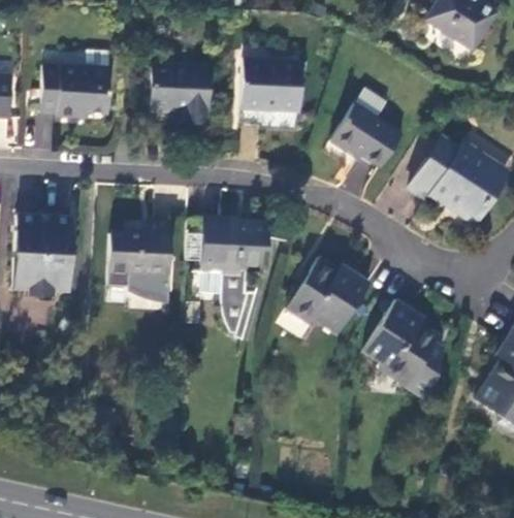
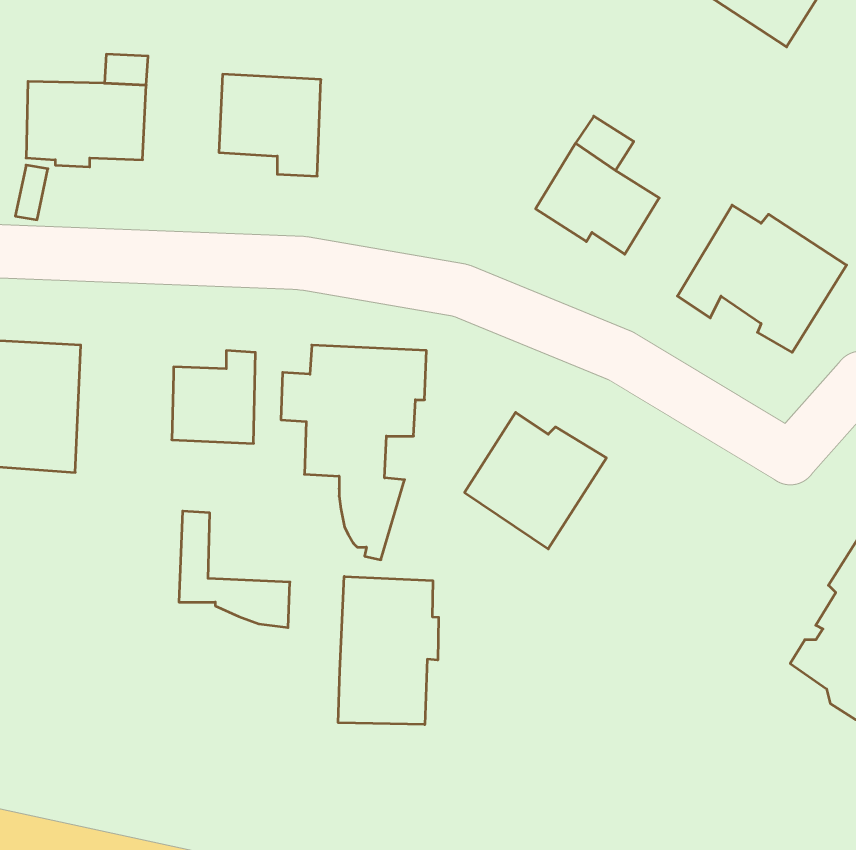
building: [240,61,301,116] -> none
building: [107,235,170,301] -> [179,511,290,628]
building: [363,301,442,385] -> none
building: none -> [338,576,439,725]

